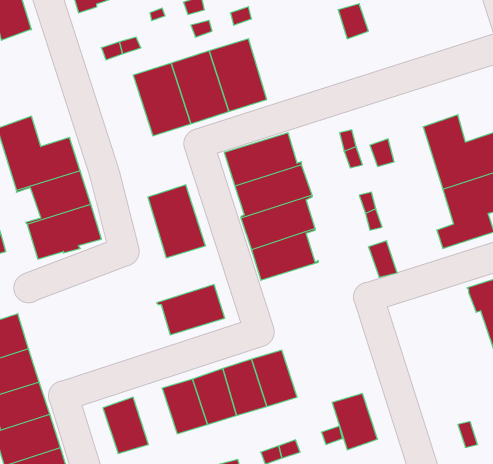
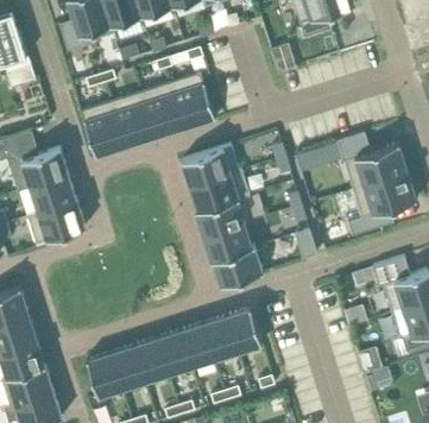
building: [148,185,206,258] -> [80,101,125,158]
building: [157,285,225,335] -> [209,247,263,286]
building: none -> [109,346,144,390]
building: [332,394,378,450] -> [226,309,261,353]

